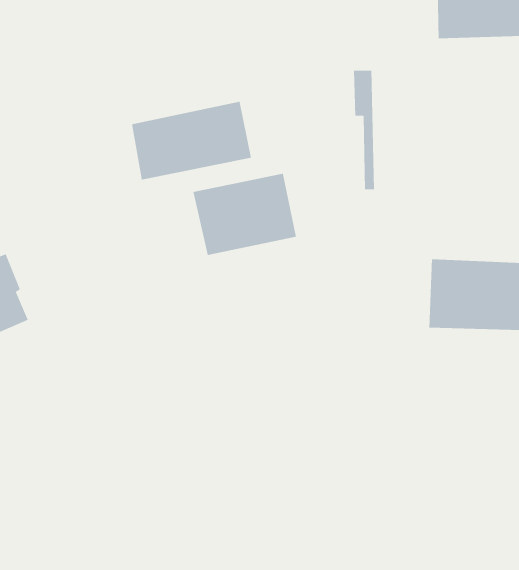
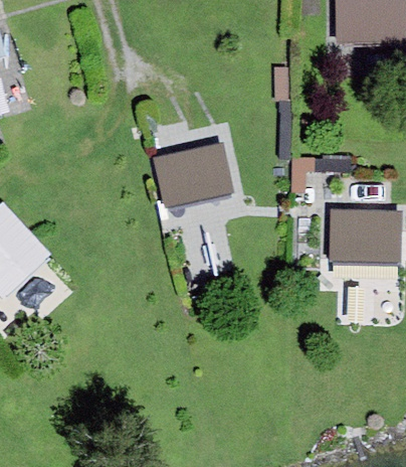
building: [131,101,252,180] -> none

